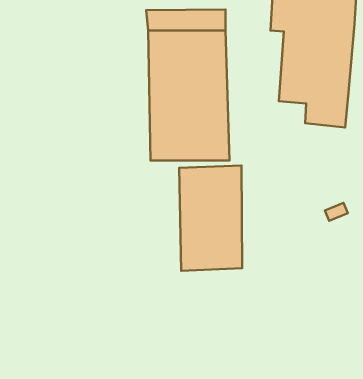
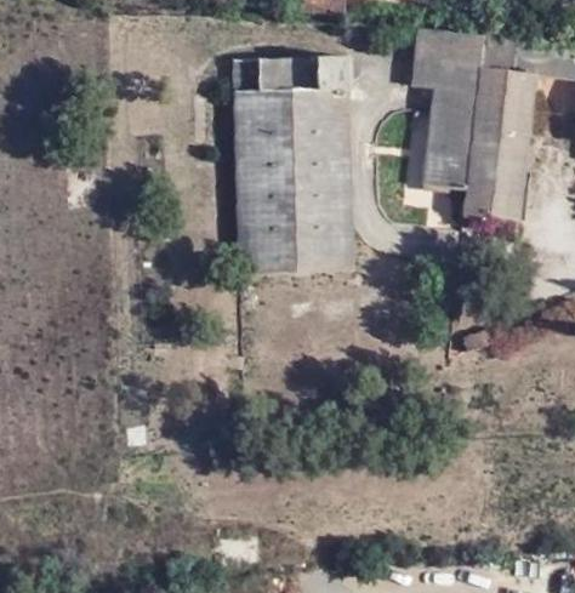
building: [179,165,242,271] -> none

